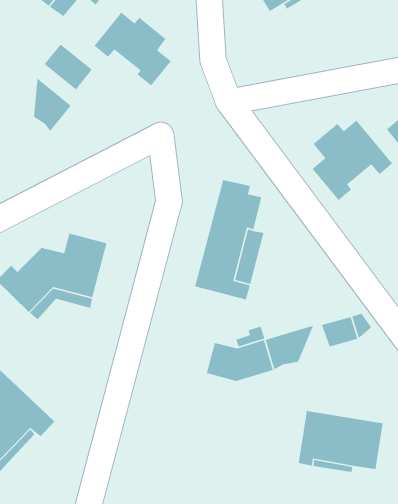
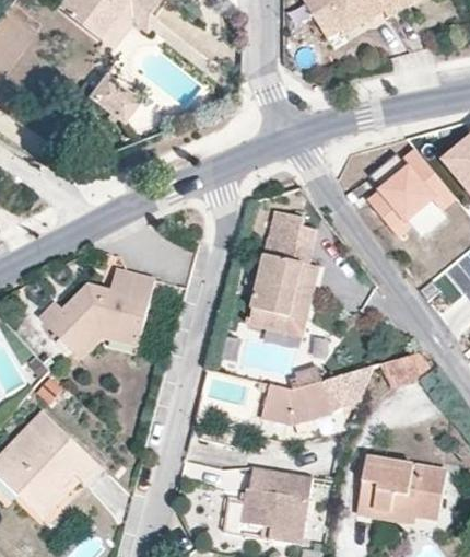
building: [93,12,172,86] -> none
building: [33,77,72,132] -> none
building: none -> [237,465,310,543]

